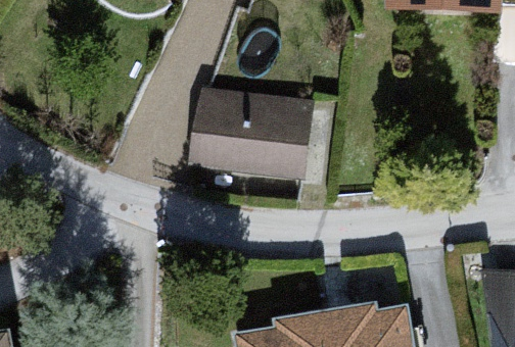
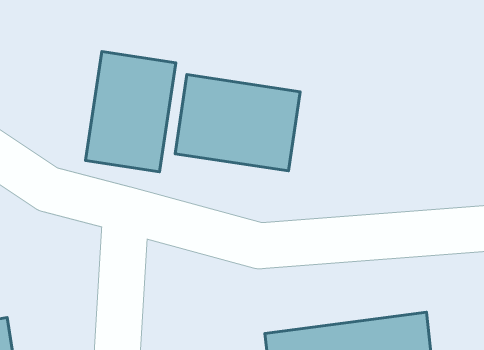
building: none -> [85,51,176,172]

